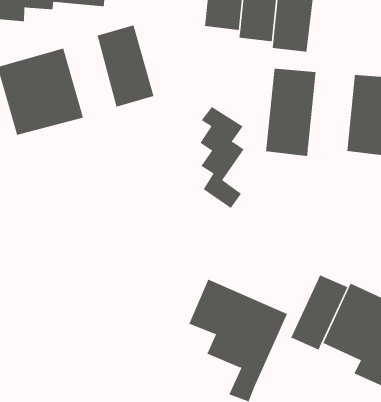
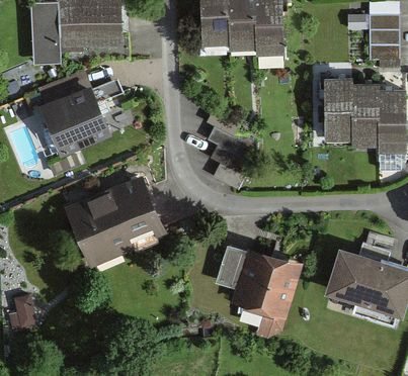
building: [97,25,154,107] -> none
building: [266,68,316,157] -> none
building: none -> [63,178,162,265]
building: [290,274,348,350] -> none

